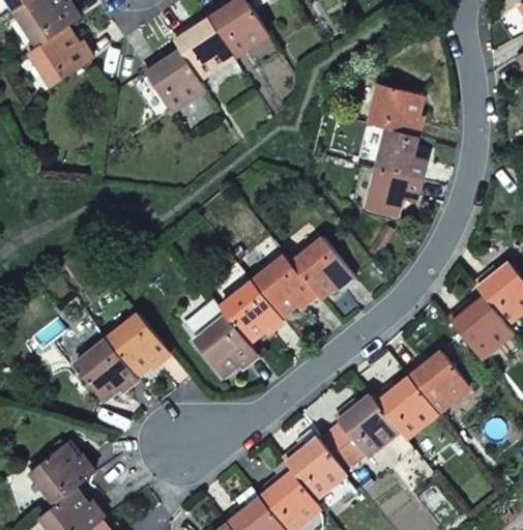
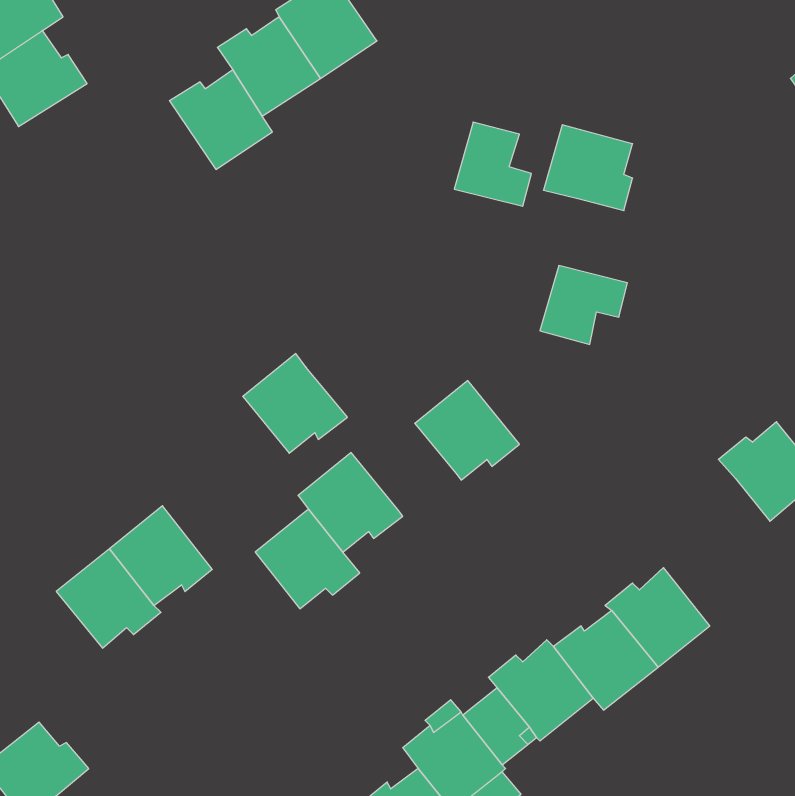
building: [378,128,425,179] -> [454,122,531,206]
building: [253,256,316,316] -> [243,354,347,453]
building: [449,297,512,357] -> none

